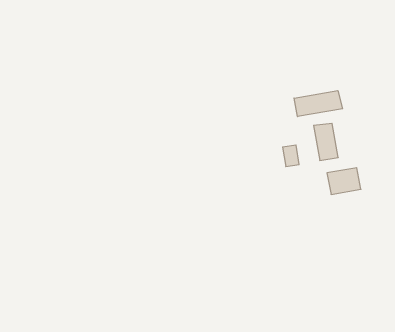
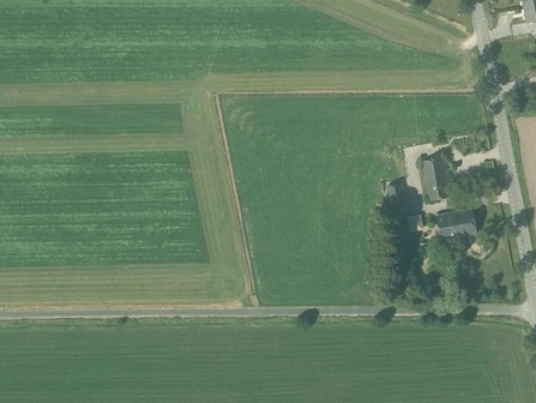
building: [294,91,343,117] -> none

